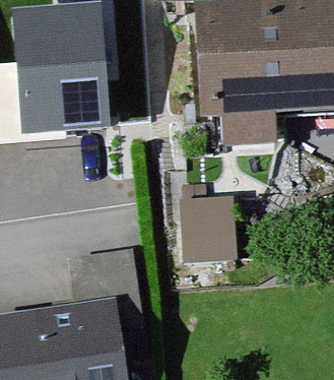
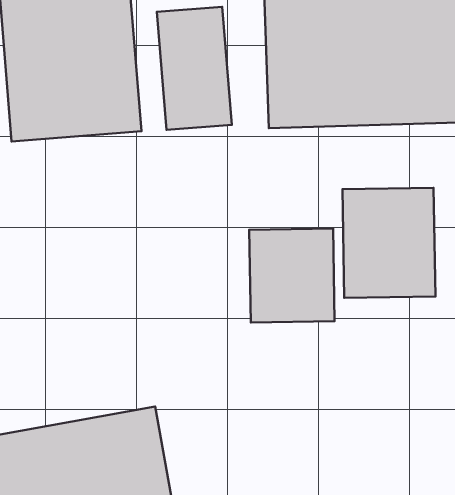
building: none -> [157,7,232,130]
building: none -> [342,188,435,298]

